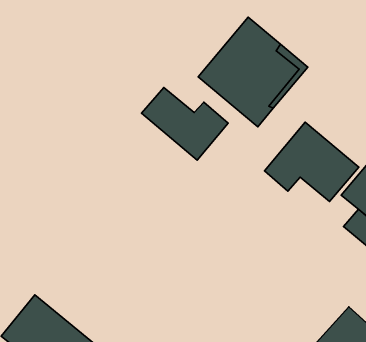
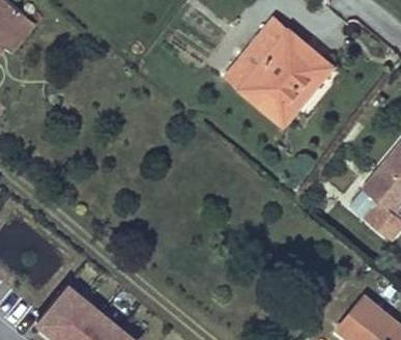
building: [142,87,228,160] -> none
building: [264,122,359,202] -> none

